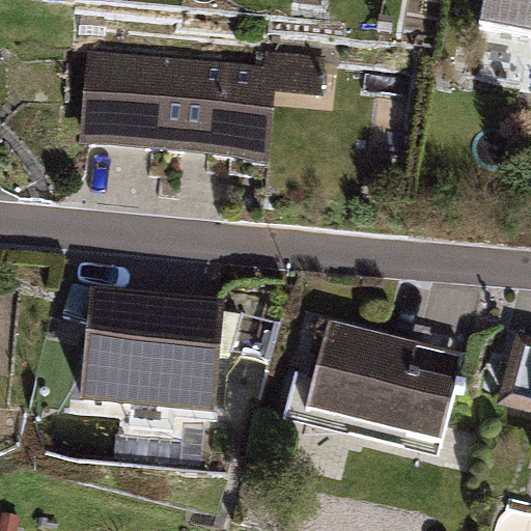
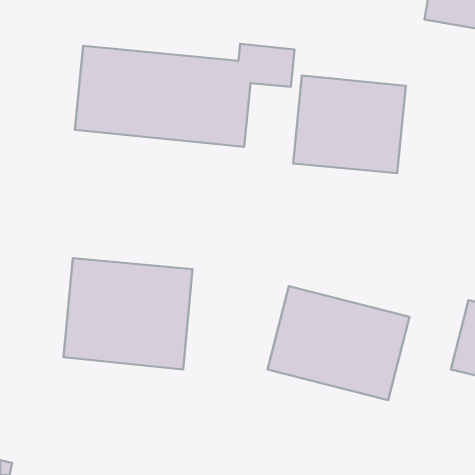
building: none -> [293,75,406,173]

